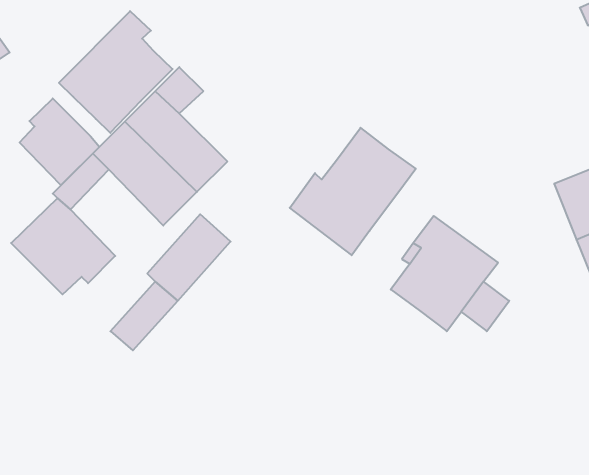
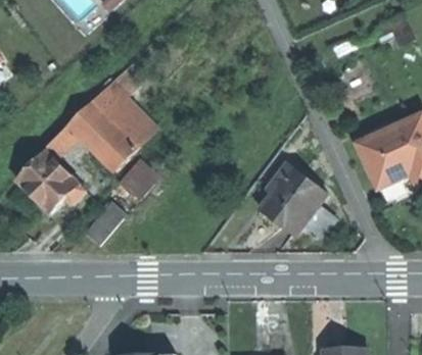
building: [59,11,173,133] -> none
building: [20,98,99,185] -> none
building: [290,128,416,255] -> none

